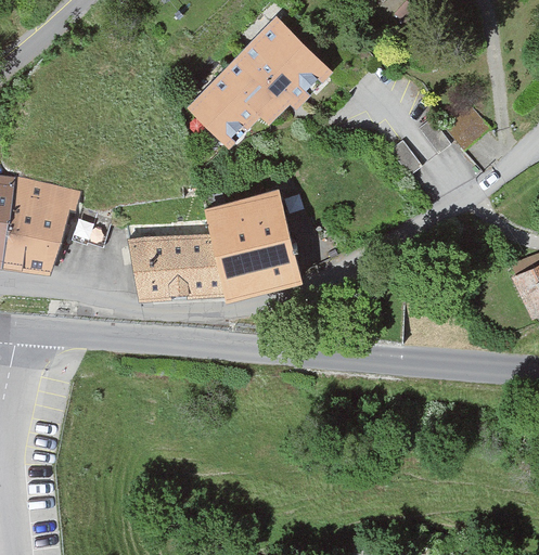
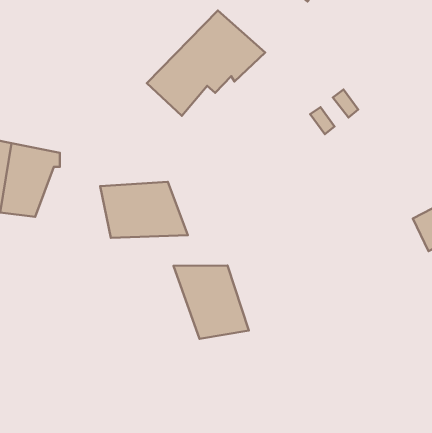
building: [202,185,307,297] -> none
building: none -> [173,266,249,339]

